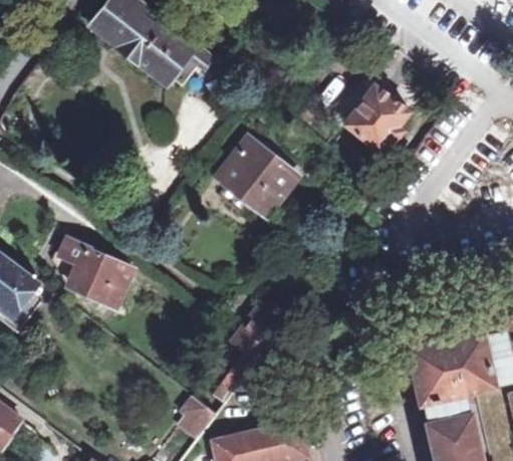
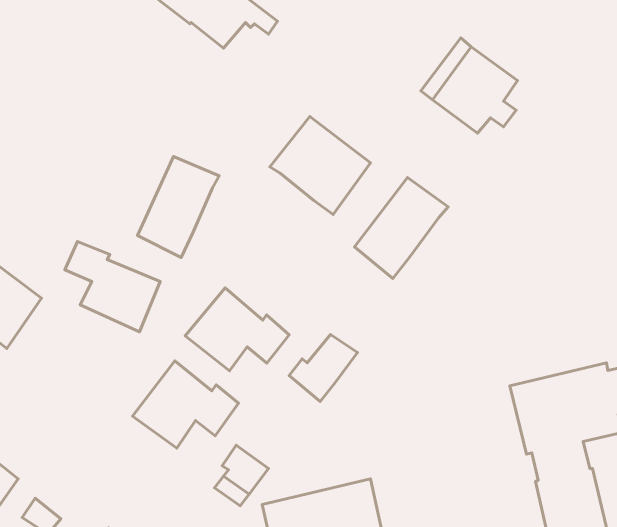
building: none -> [137,156,219,258]
building: none -> [355,178,448,278]
building: none -> [185,288,289,371]
building: none -> [133,361,238,448]

